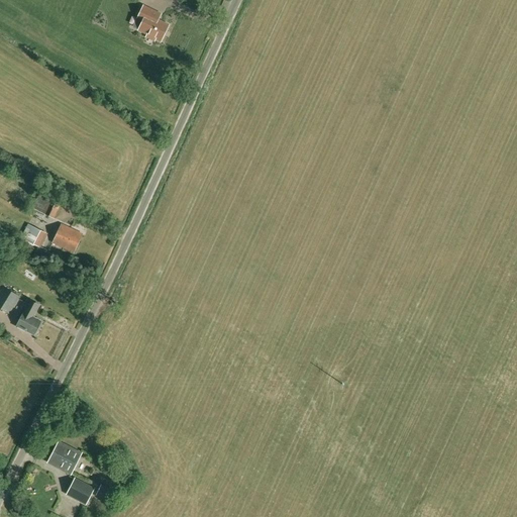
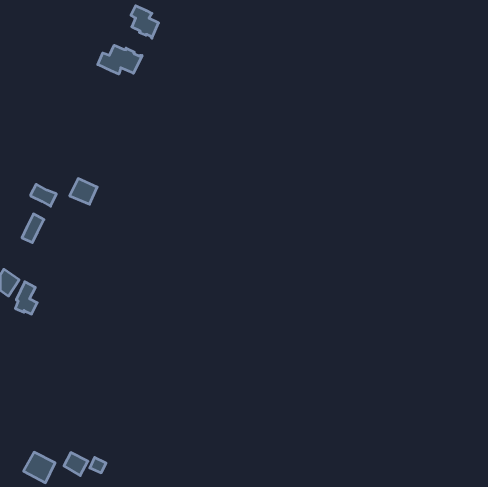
building: none -> [98,45,142,74]
building: [53,224,82,251] -> [70,179,97,204]
building: [47,441,81,474] -> [24,452,55,483]

